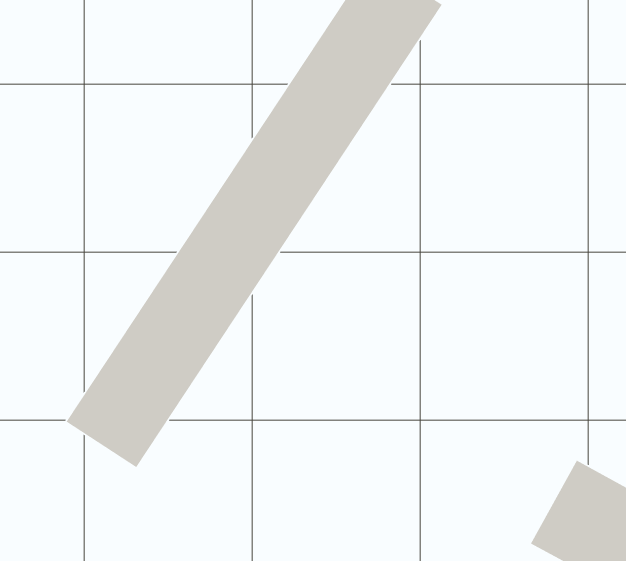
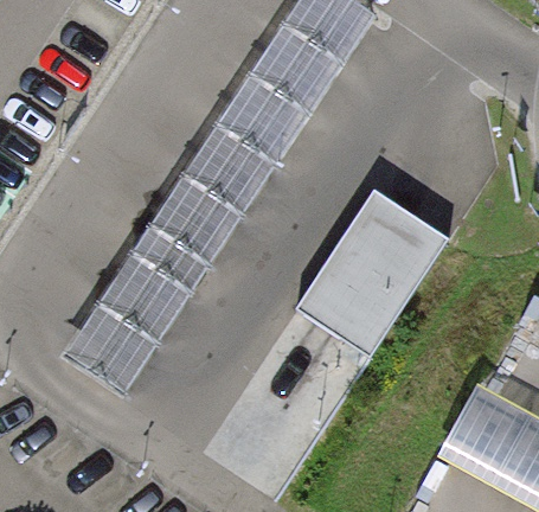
building: none -> [295,190,449,359]

